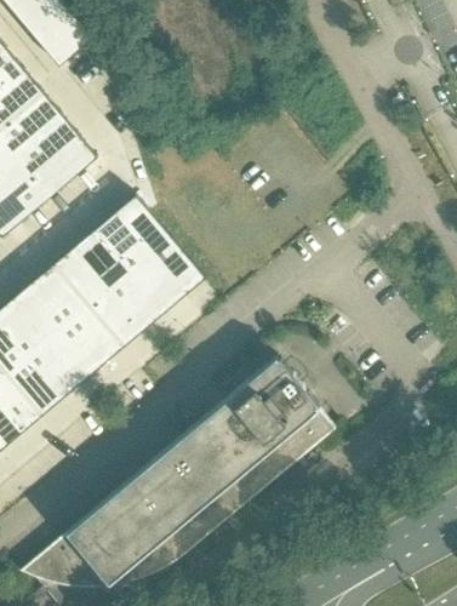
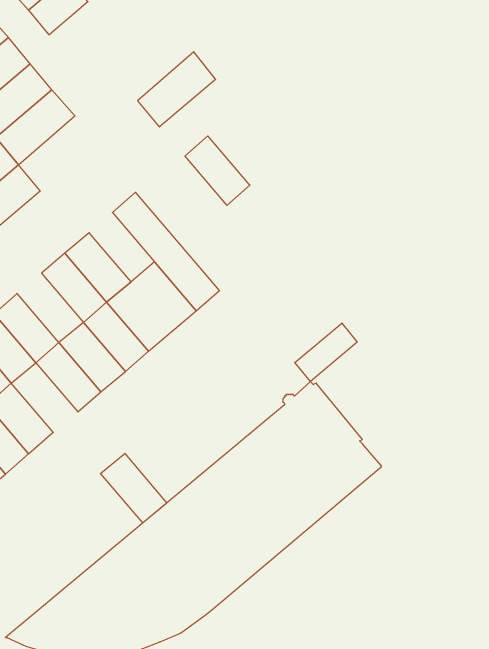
building: [32,133,97,196] -> [138,52,216,127]
building: [91,215,145,273] -> [185,136,250,205]
building: [30,265,86,324] -> none
building: none -> [295,323,357,382]
building: [25,341,81,399] -> [100,454,167,523]

